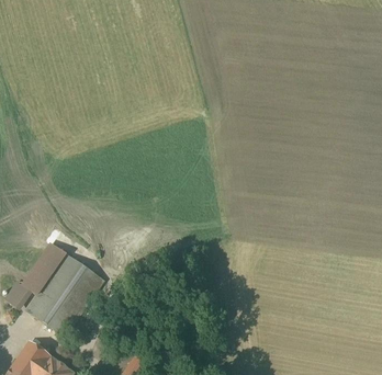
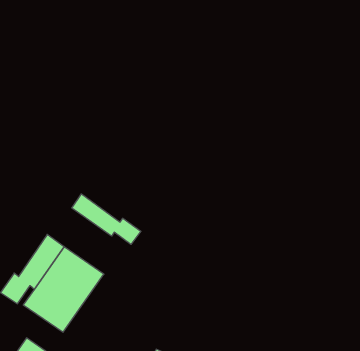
building: none -> [72,194,141,244]

